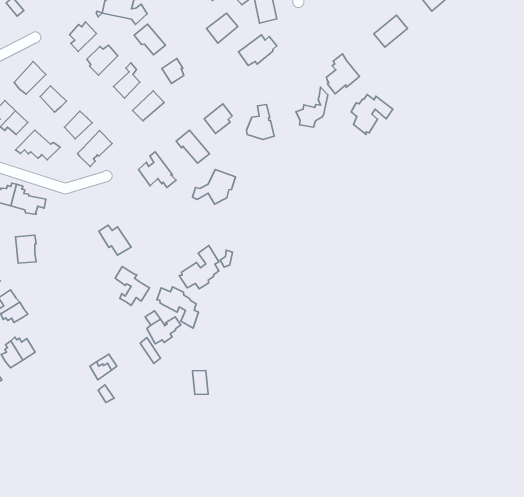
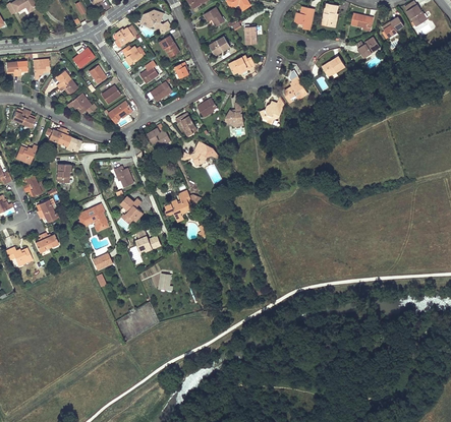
building: [351,95,393,135] -> none
building: none -> [77,205,107,232]
building: [157,287,199,328] -> none

